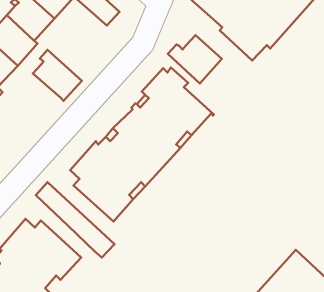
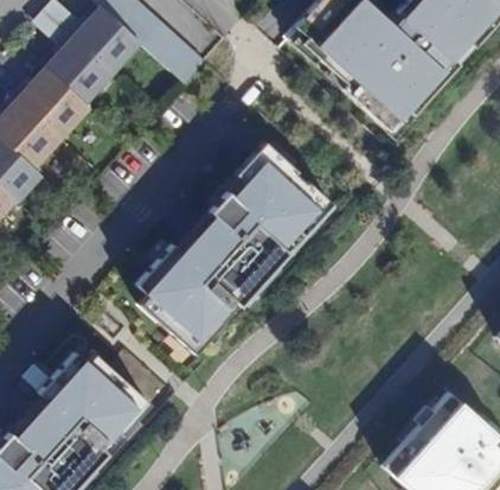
building: [168,35,222,83] -> none
building: [33,50,82,101] -> none
building: [36,182,114,258] -> none

